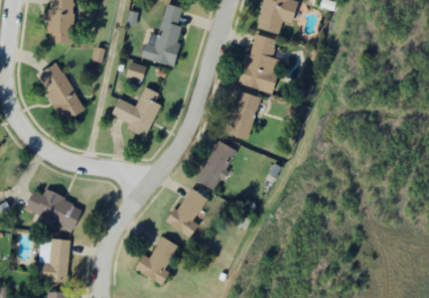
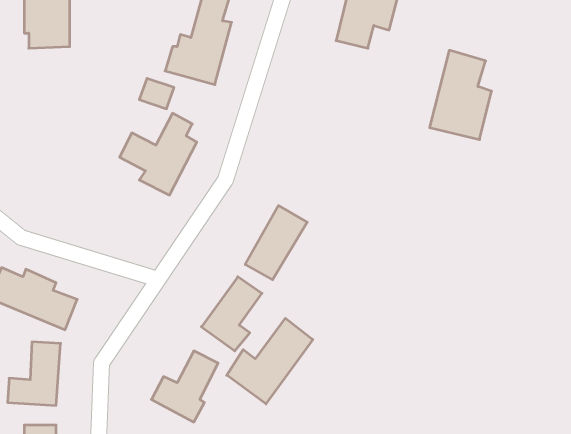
building: [238,35,279,95] -> [430,50,492,140]
building: [38,58,88,119] -> none
building: [224,93,258,141] -> none
building: none -> [227,318,313,404]

